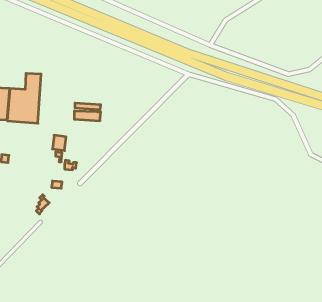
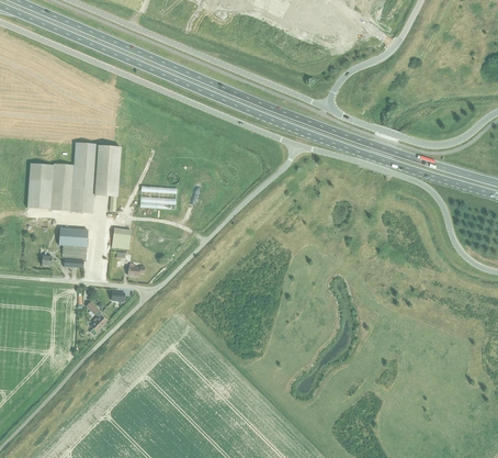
building: none -> [93,144,120,194]
building: none -> [58,226,88,257]

